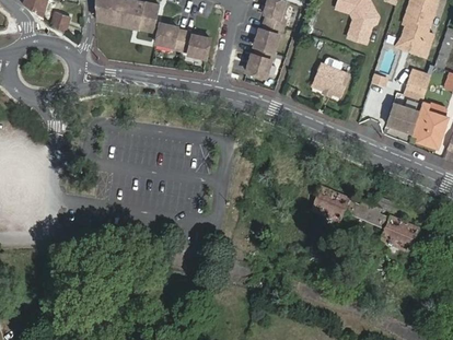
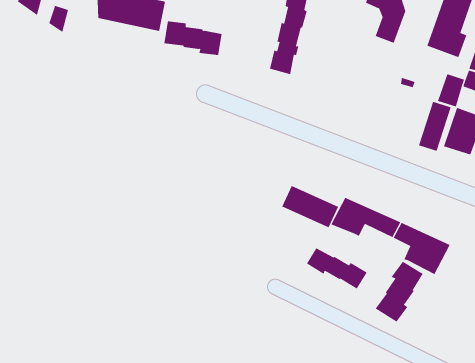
building: [314,56,349,96] -> none
building: none -> [281,185,339,228]
building: none -> [306,247,368,290]
building: none -> [375,261,424,323]

